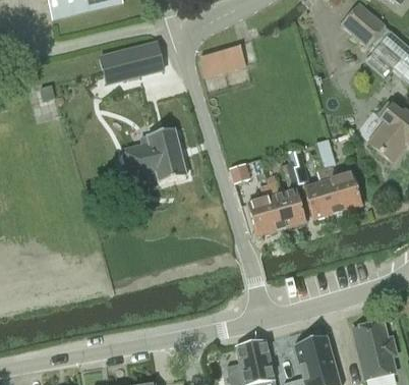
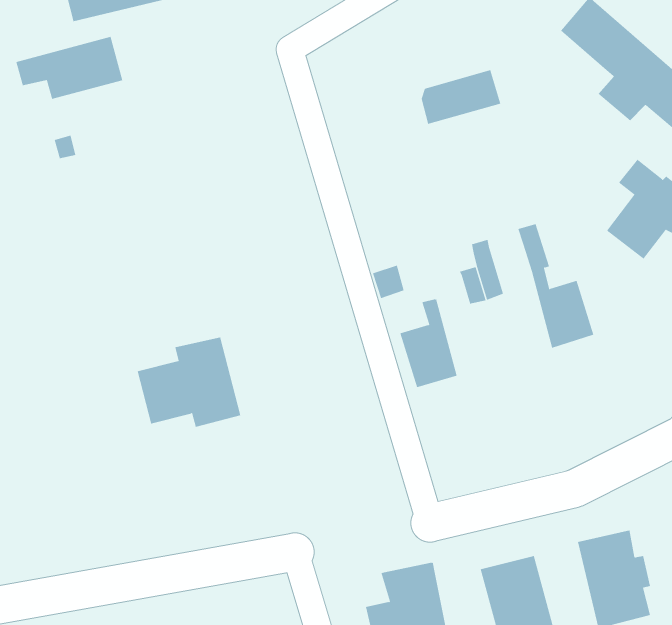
building: [100,42,164,79] -> [15,36,123,99]
building: [198,44,246,76] -> [421,70,501,124]
building: [124,128,186,182] -> [137,337,241,428]
building: [302,151,337,220] -> none
building: [267,175,305,229] -> none

